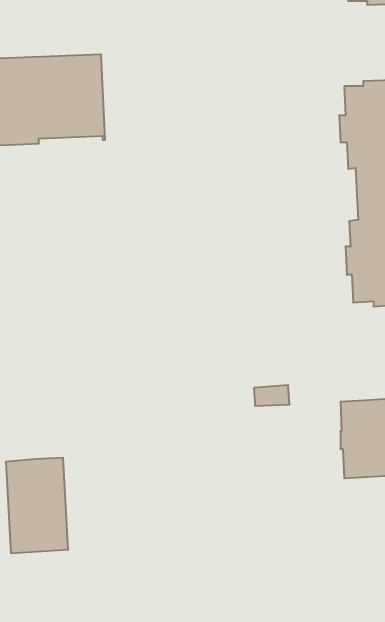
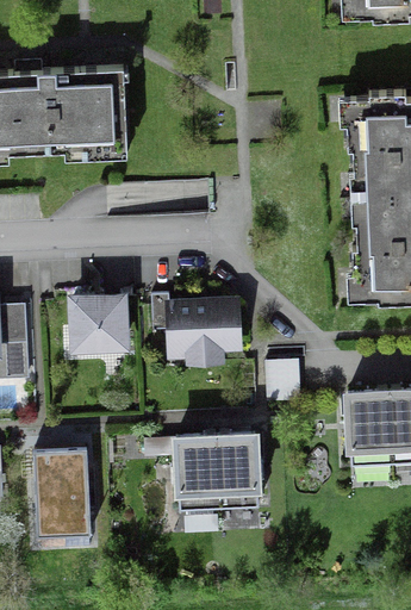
building: none -> [73,297,124,348]
building: none -> [169,303,237,362]
building: none -> [170,434,262,509]

